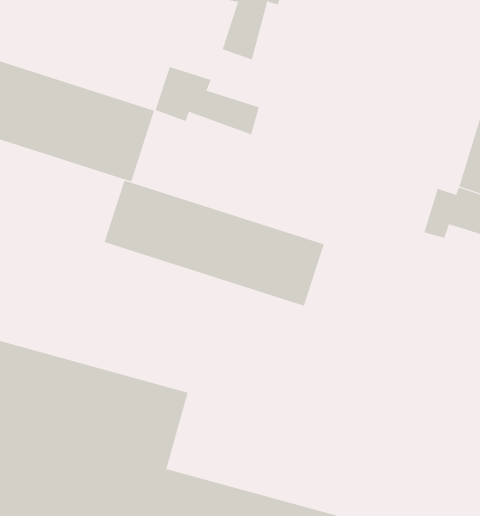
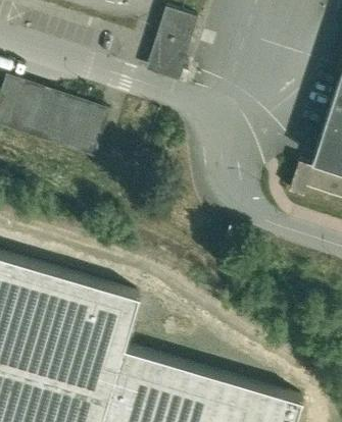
building: [155,66,260,135] -> none
building: [104,180,325,307] -> none

